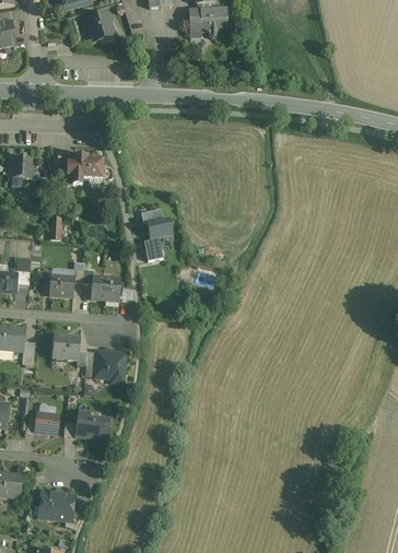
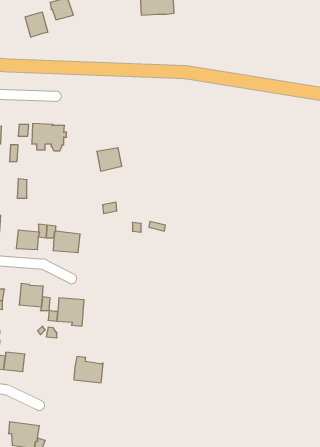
building: none -> [25,12,48,37]
building: [144,215,173,242] -> [97,148,122,171]
building: [75,411,108,440] -> [74,357,103,383]

